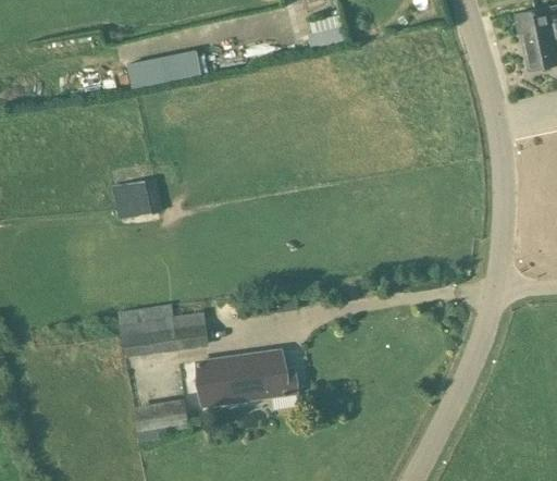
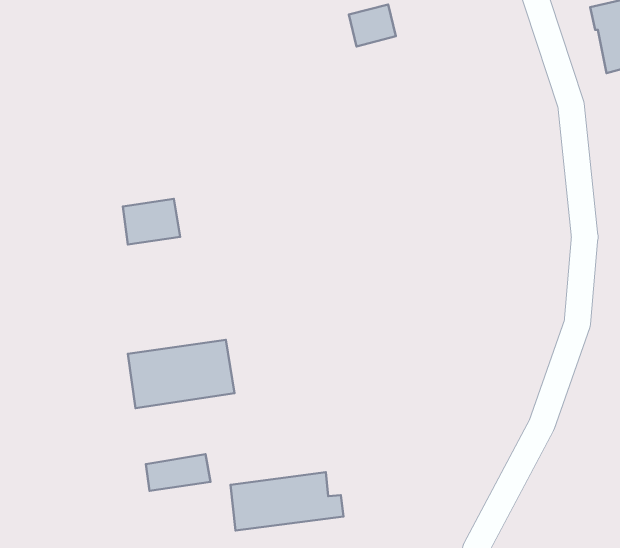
building: [127,48,202,88] -> none
building: [198,354,295,404] -> [231,472,344,531]

